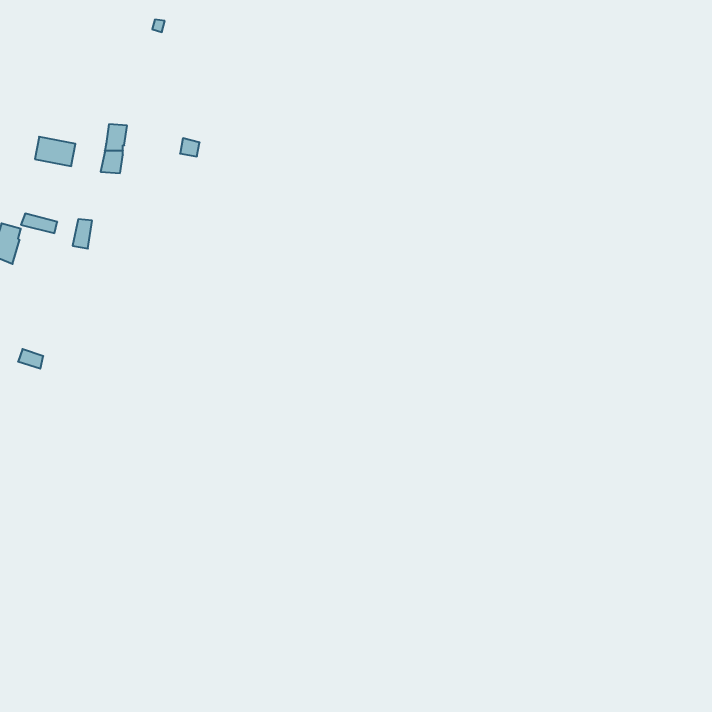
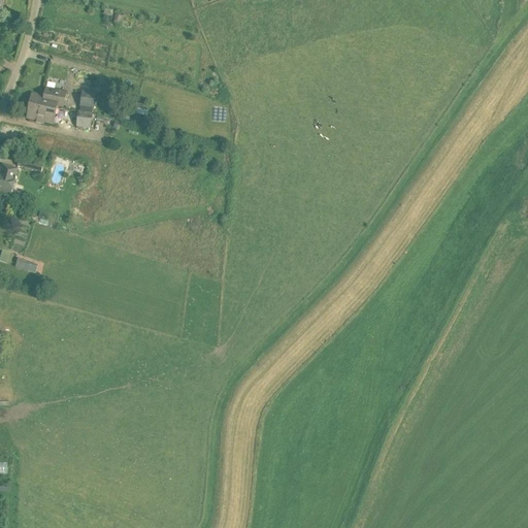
building: none -> [29,88,65,107]

